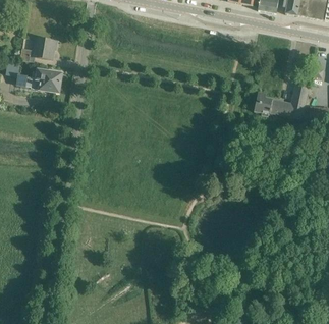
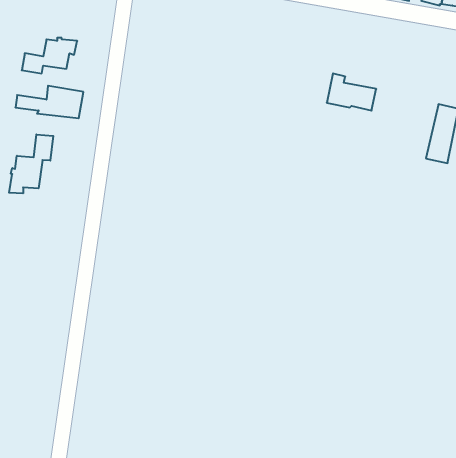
building: [254,91,286,115] -> [327,73,376,111]
building: none -> [9,134,53,193]

